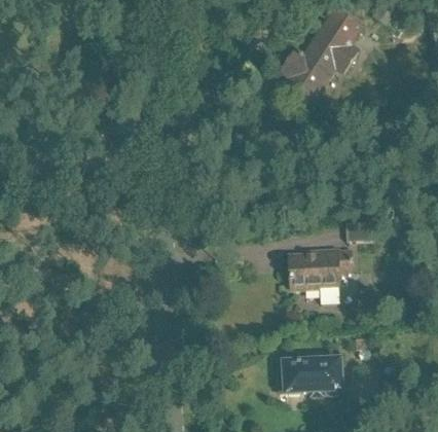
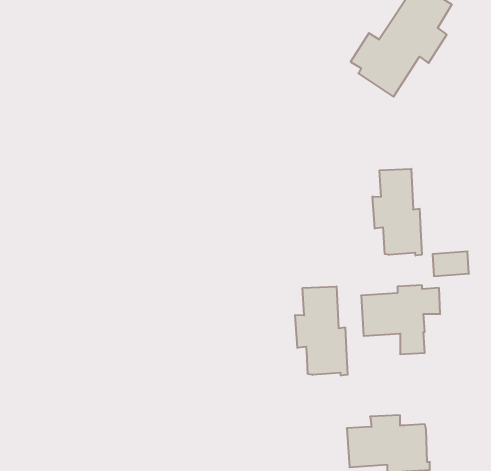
building: none -> [373,169,422,256]
building: none -> [295,286,348,376]

